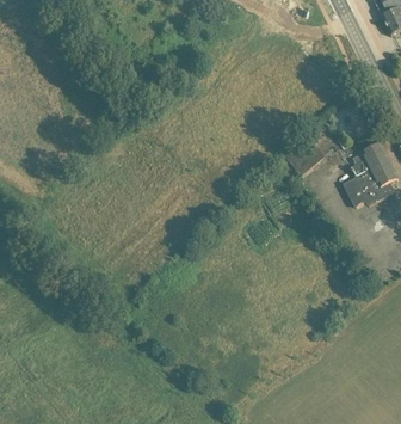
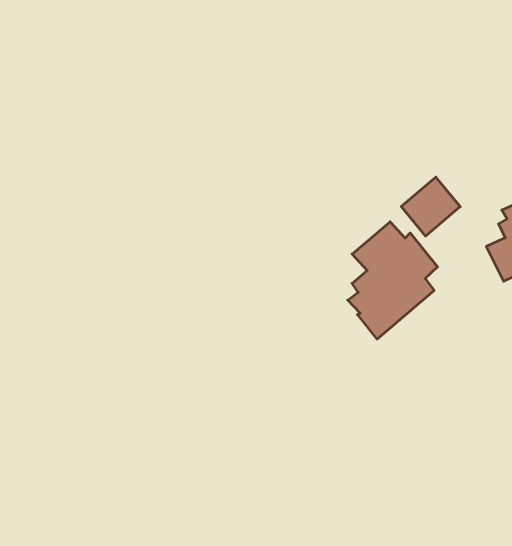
building: none -> [348,222,438,339]

